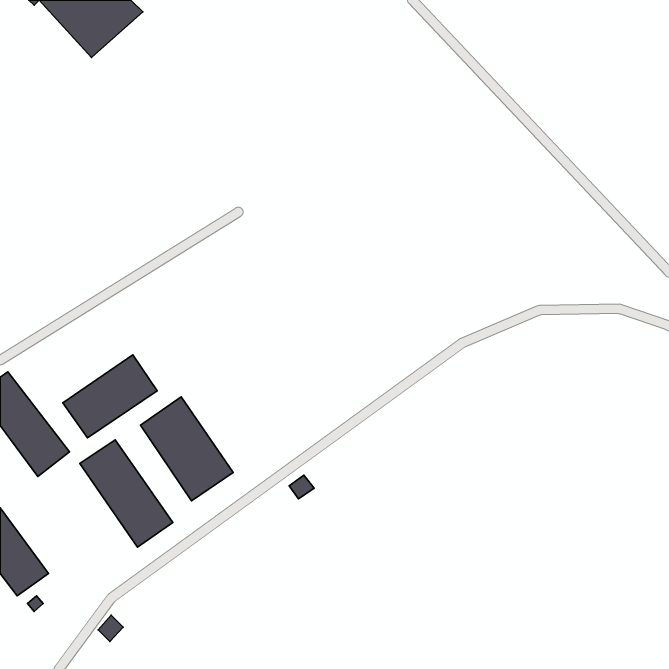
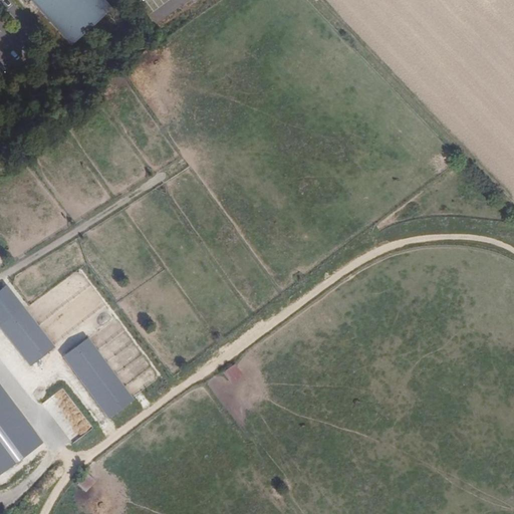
building: [63,355,157,438] -> none
building: [141,397,233,501] -> none

